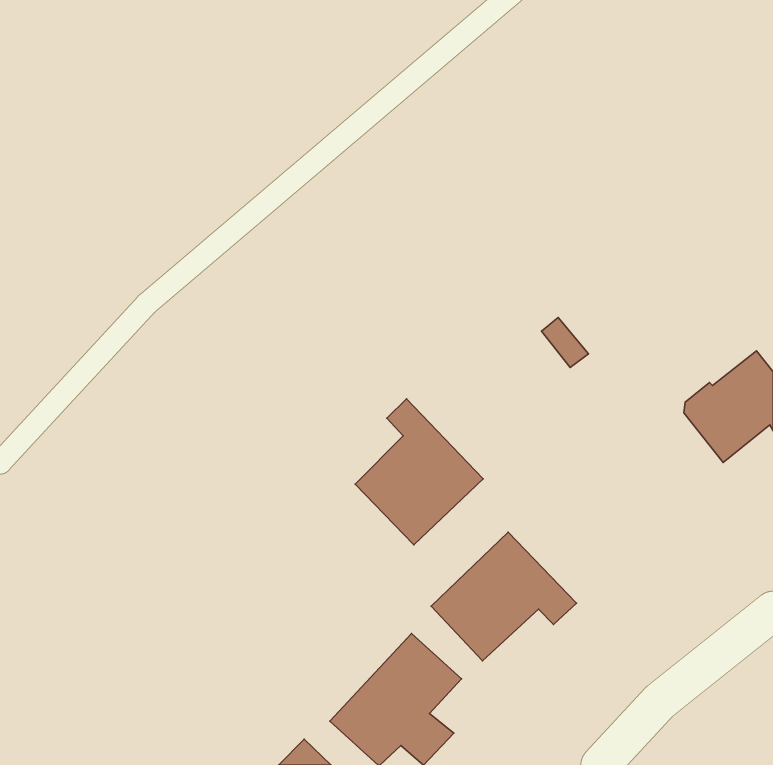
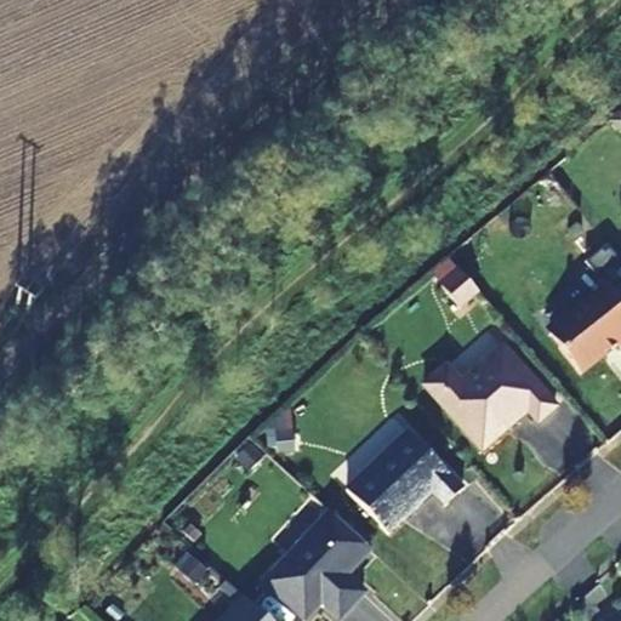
building: [355,399,483,545] -> none
building: none -> [425,343,556,448]

